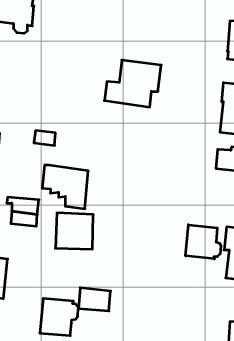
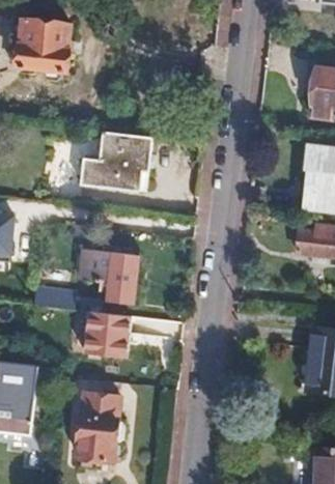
building: [104,60,161,107] -> [81,134,152,193]
building: [186,225,221,259] -> none
building: [78,288,111,311] -> [80,391,120,420]

